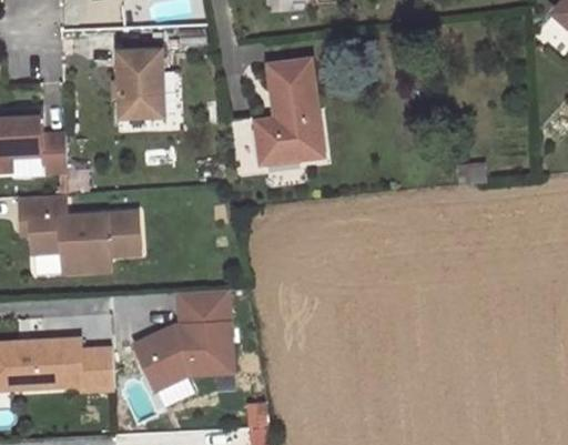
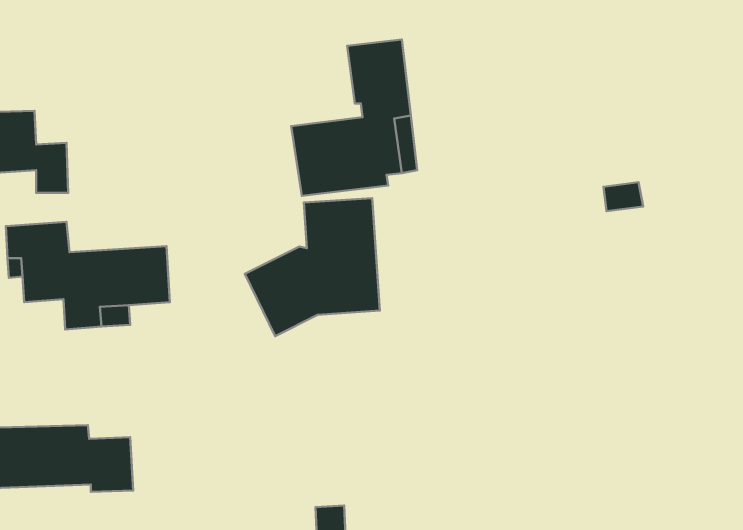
building: [119,51,163,119] -> none
building: [134,290,233,391] -> [245,198,380,336]

